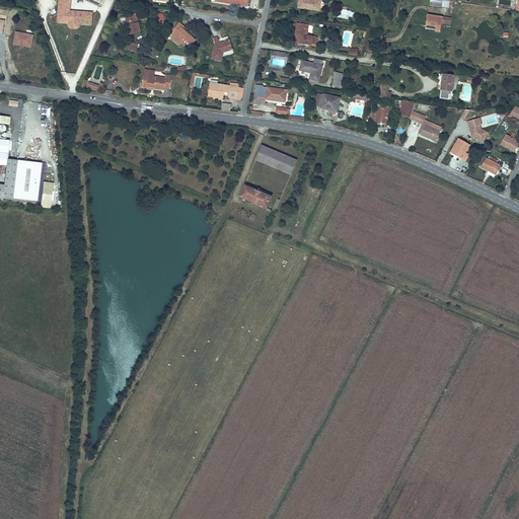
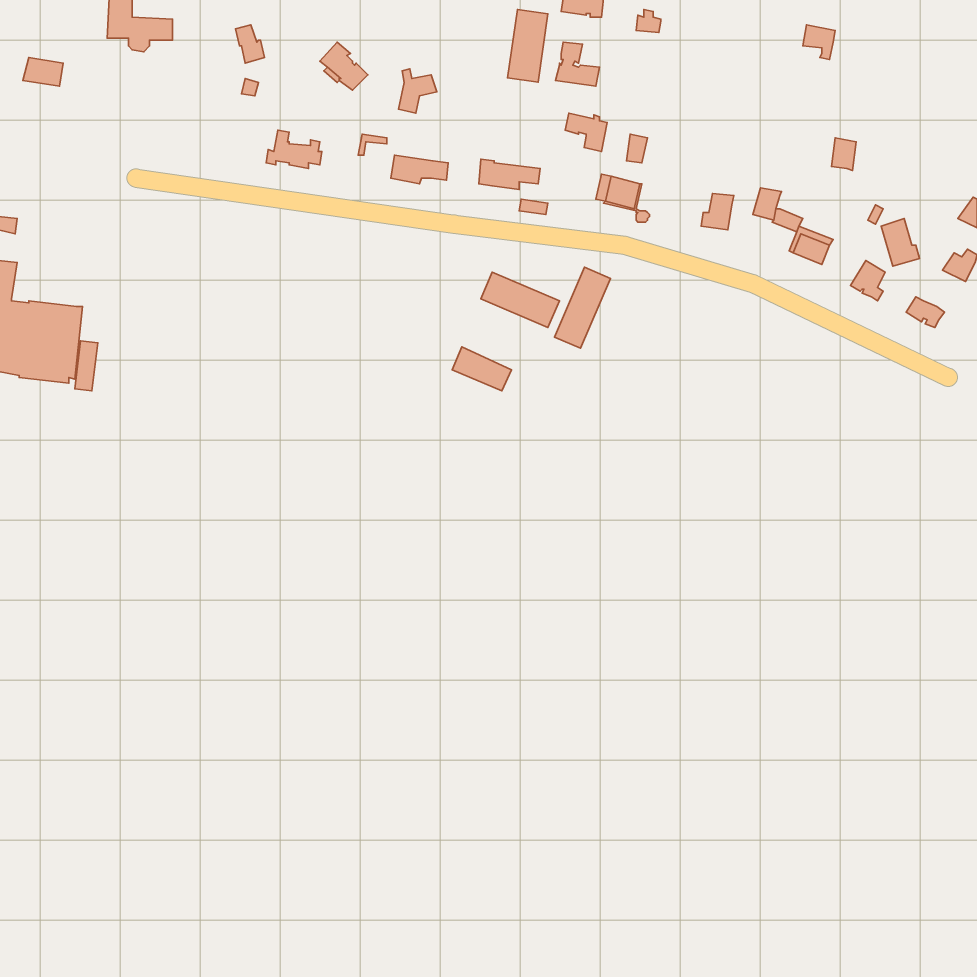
building: none -> [508,10,548,82]
building: none -> [554,267,611,348]

